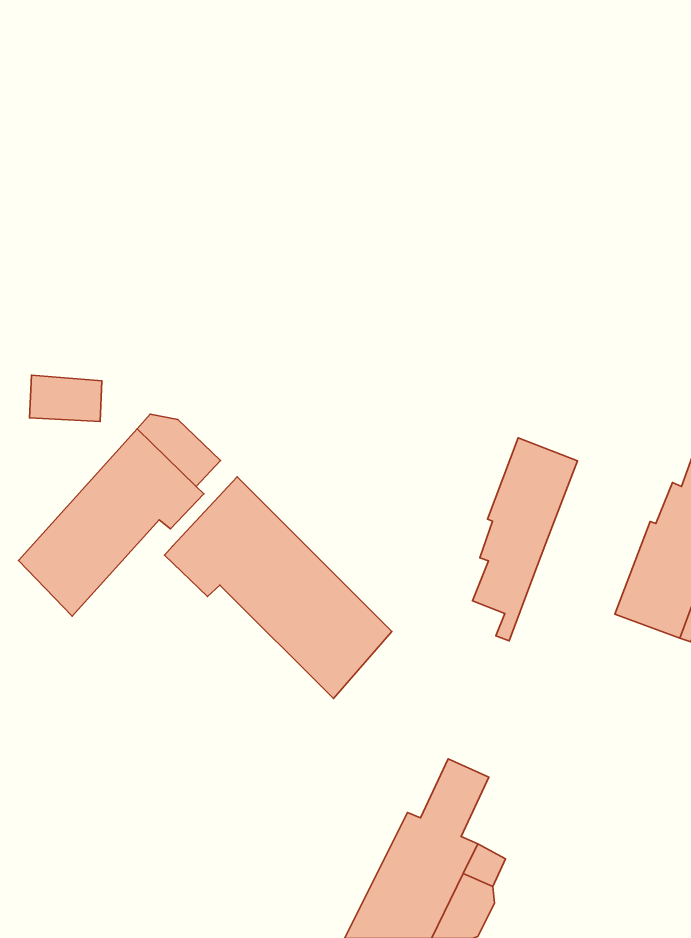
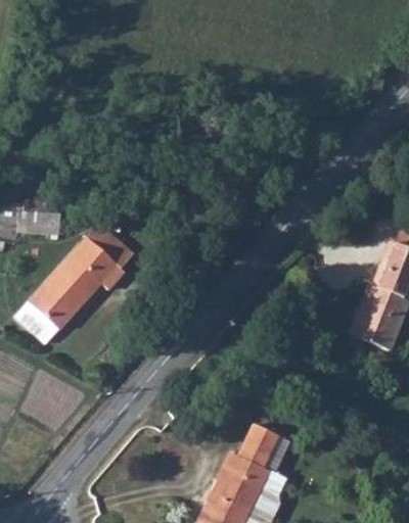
building: [473,438,577,641] -> none
building: [164,477,392,699] -> none

